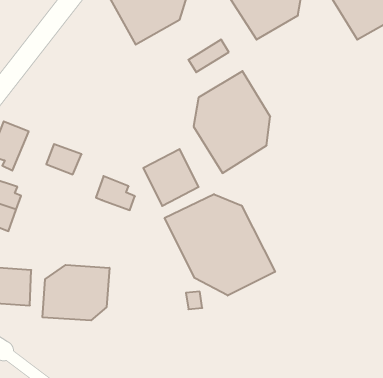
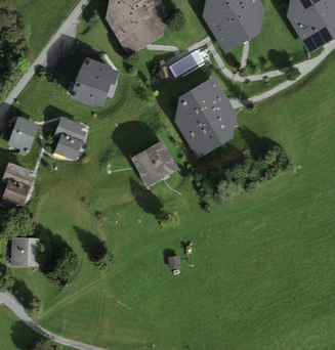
building: none -> [71,56,119,106]
building: [96,176,135,210] -> [54,117,86,144]
building: [165,194,275,296] -> none
building: [43,265,109,320] -> none

